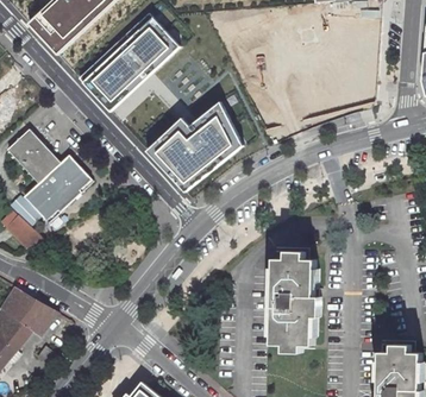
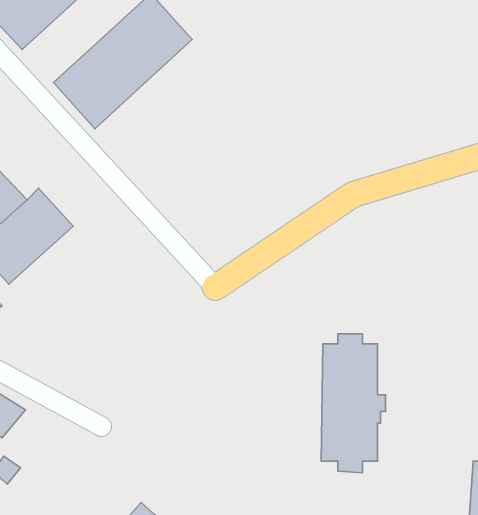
building: [145,102,242,191] -> none

